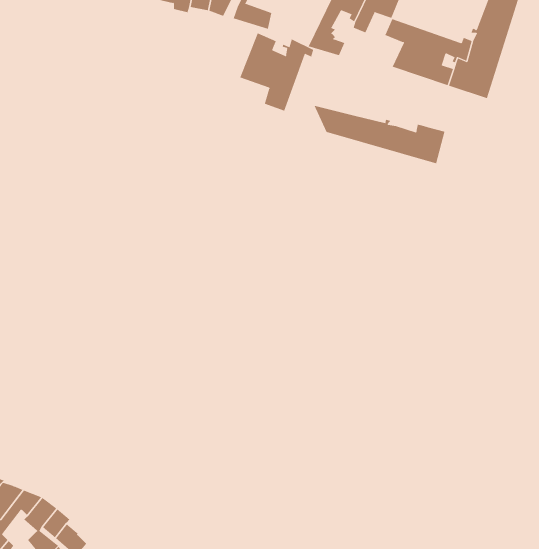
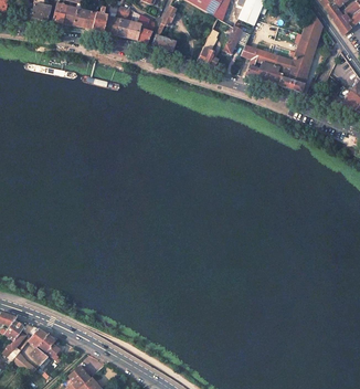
building: [240,33,314,111] -> none
building: [314,105,445,164] -> none

